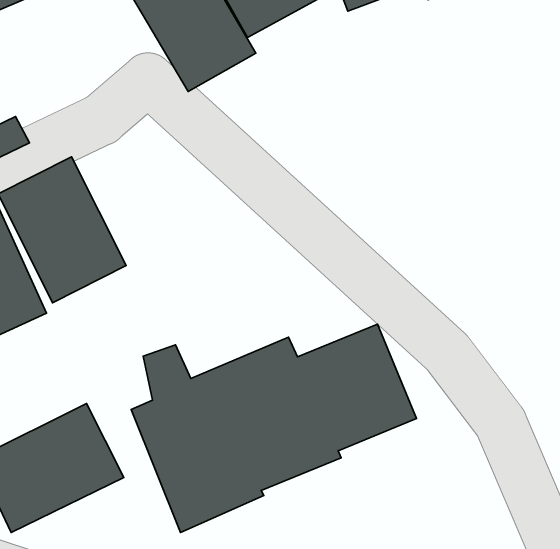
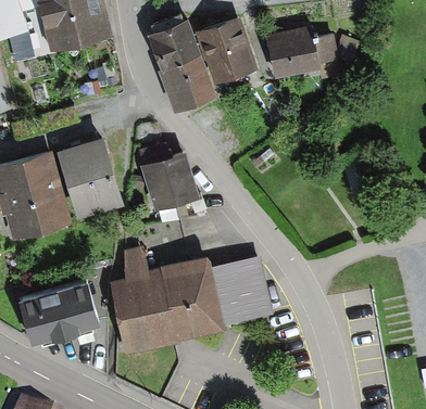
building: none -> [138,151,205,220]

